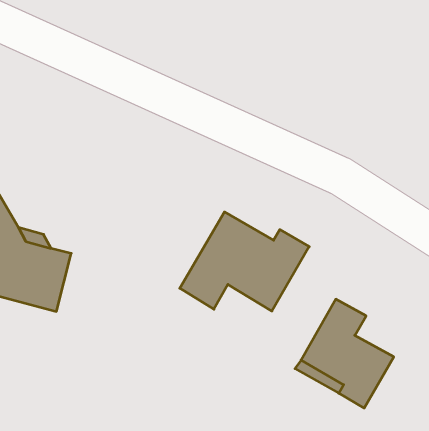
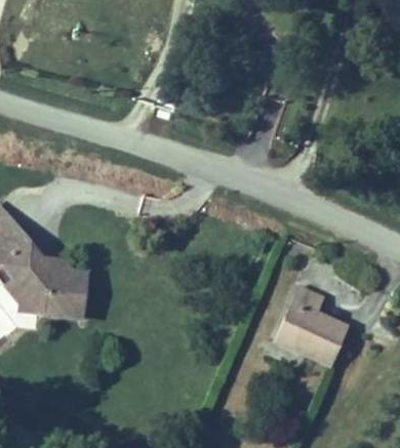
building: [180,212,309,311] -> none

